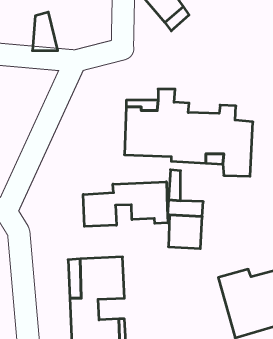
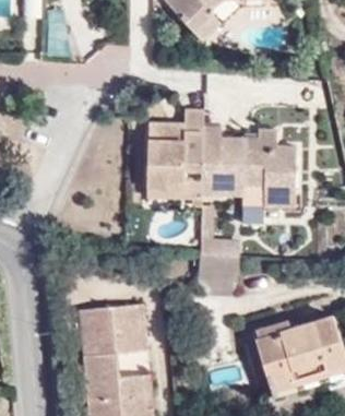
building: [83,182,168,226] -> none

